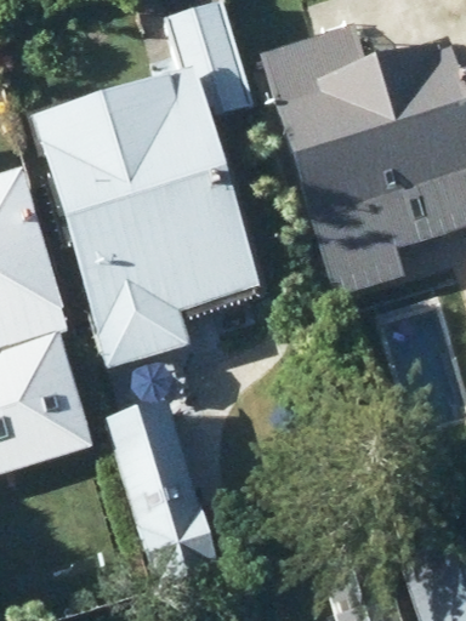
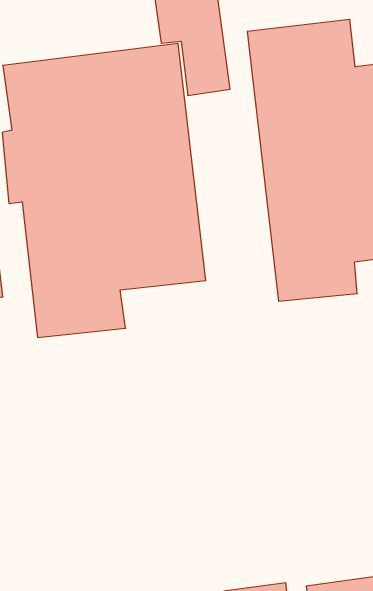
building: [102,399,218,587] -> none

